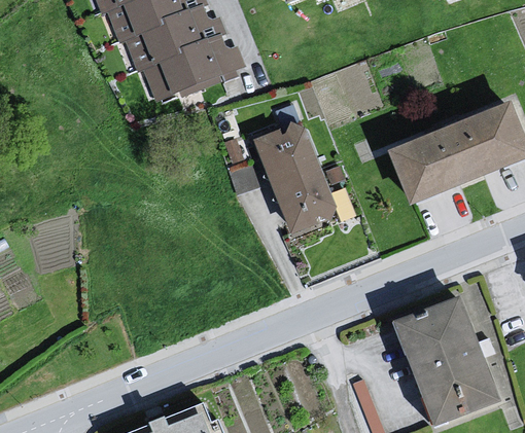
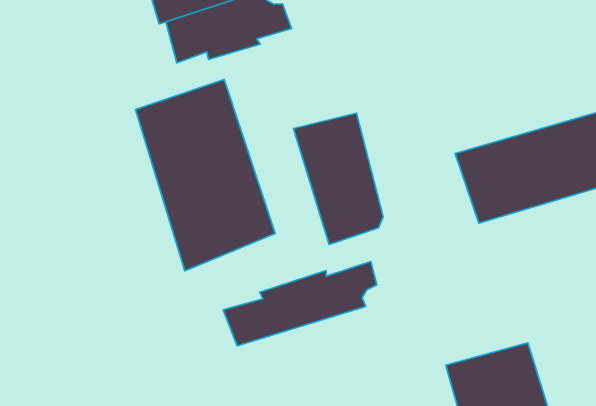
building: none -> [136,79,275,271]
building: none -> [223,262,377,346]

